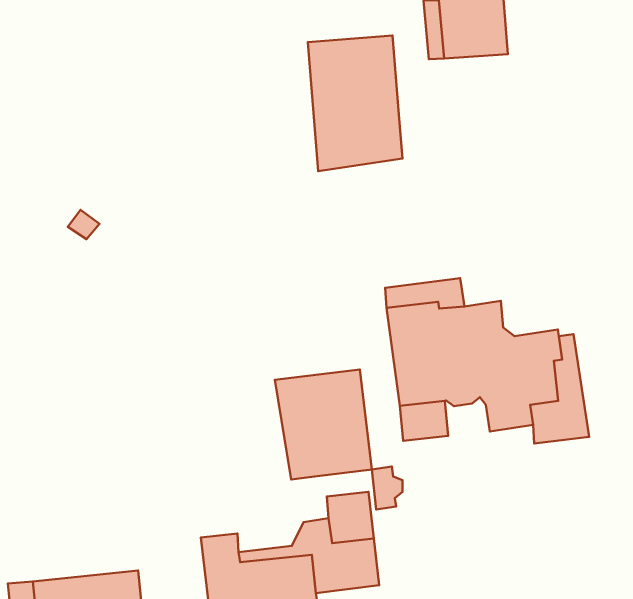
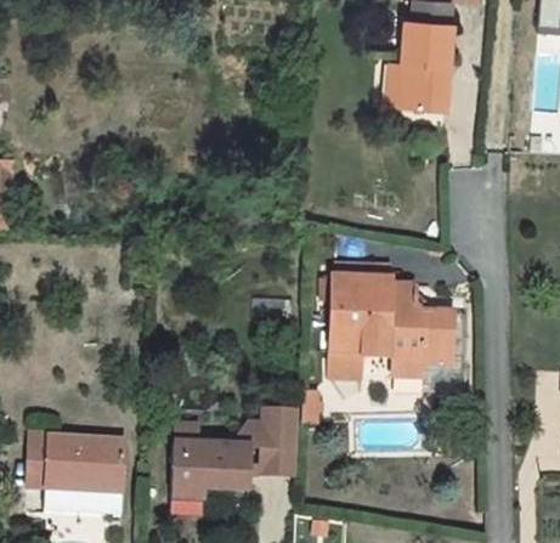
building: [308,35,402,171] -> none
building: [275,369,372,480] -> none

